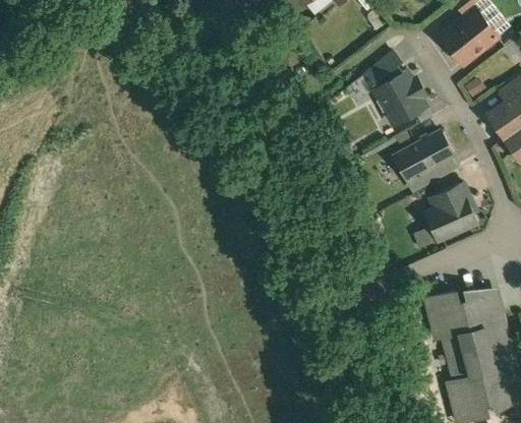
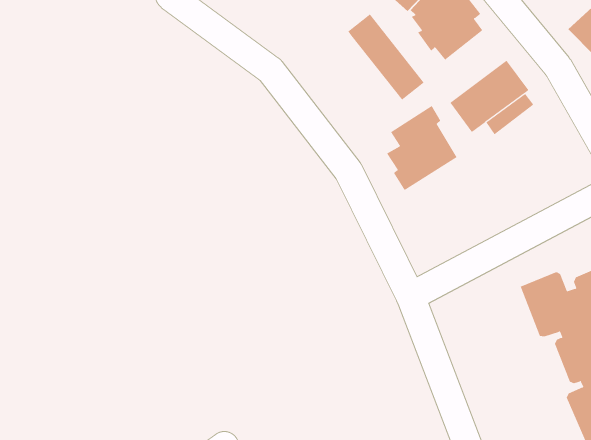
building: none -> [347,13,424,100]
building: [424,182,476,242] -> [386,105,457,191]

